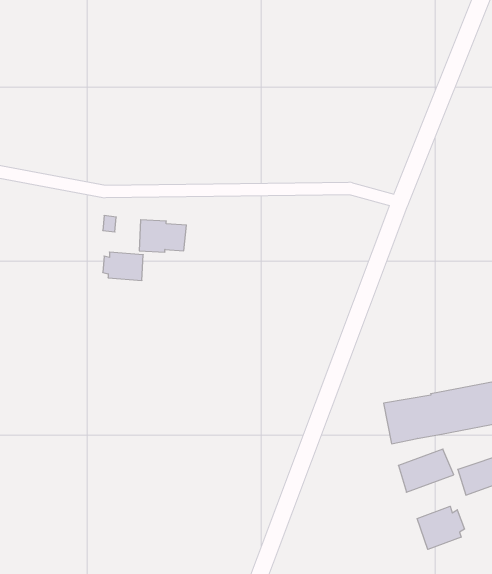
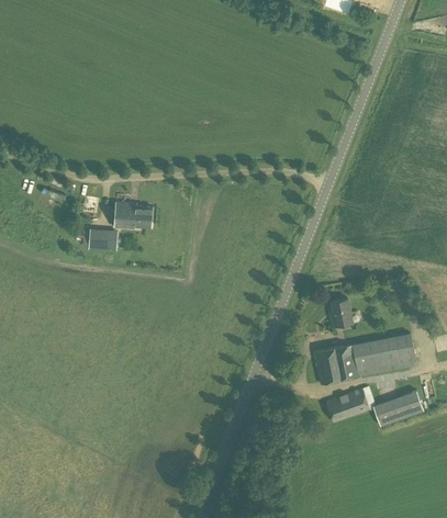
building: none -> [331,299,353,327]
building: [417,506,465,549] -> none

